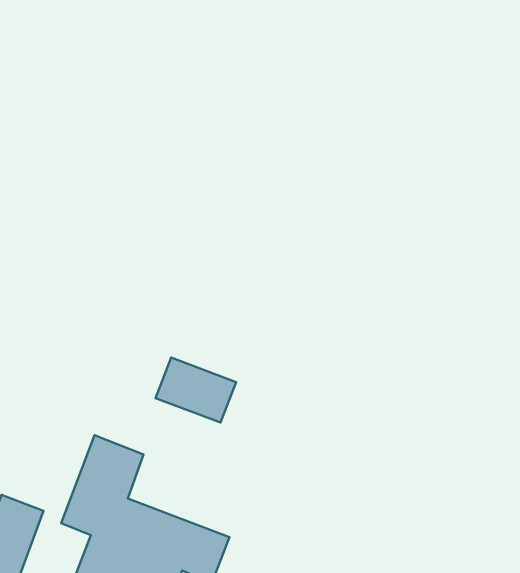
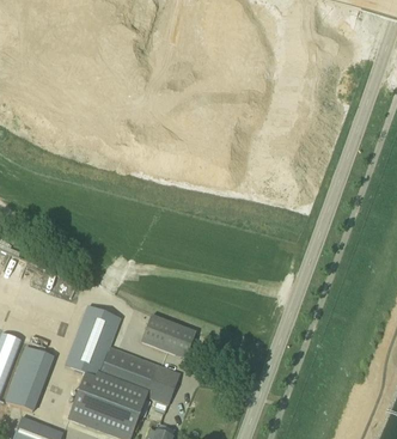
building: [155,358,236,423] -> [141,313,196,358]

